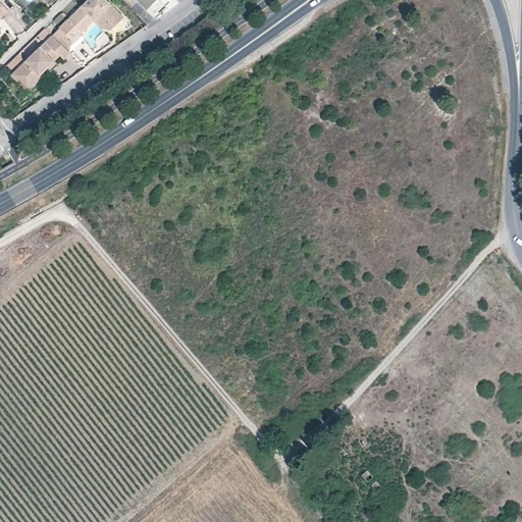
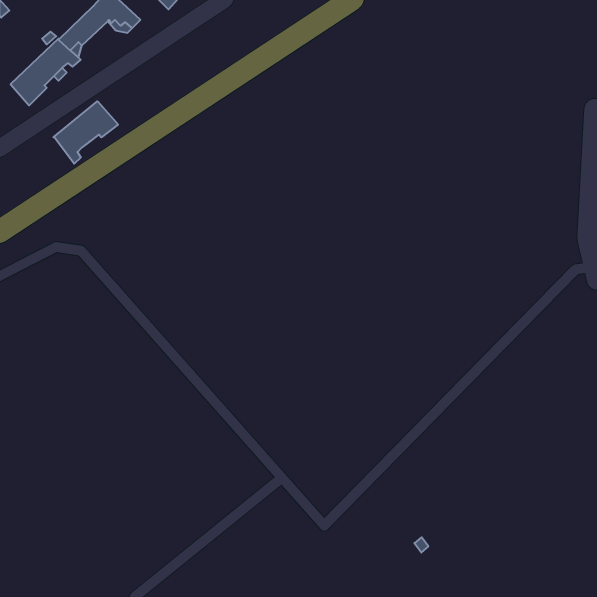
building: none -> [53,101,118,164]

